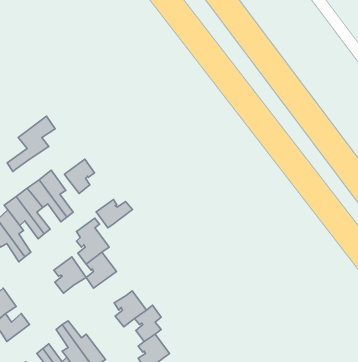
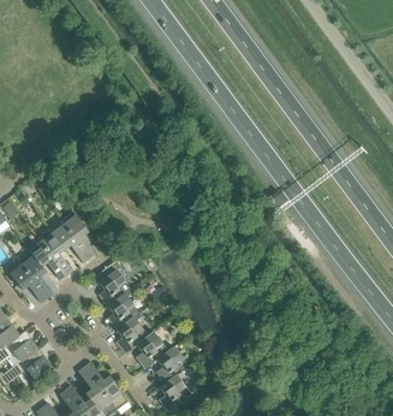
building: [7,116,55,172] -> none
building: [64,159,95,194] -> none
building: [96,199,132,228] -> none
building: [54,257,86,293] -> [115,316,148,352]

